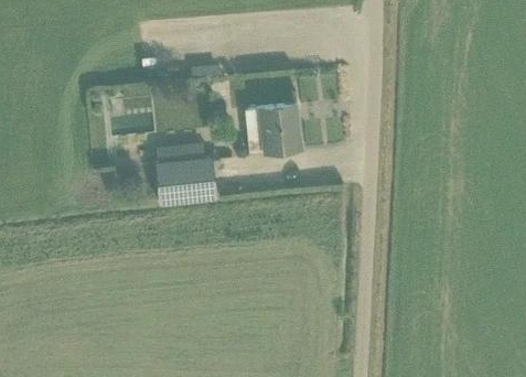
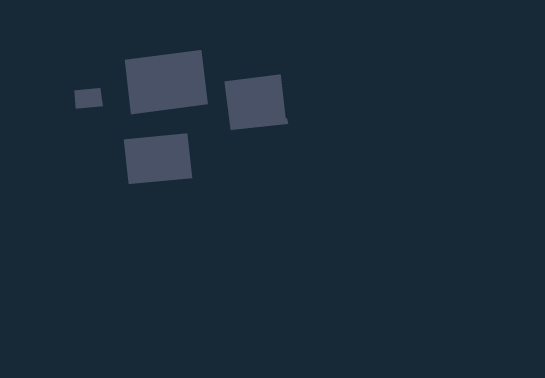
building: none -> [124,49,208,115]

